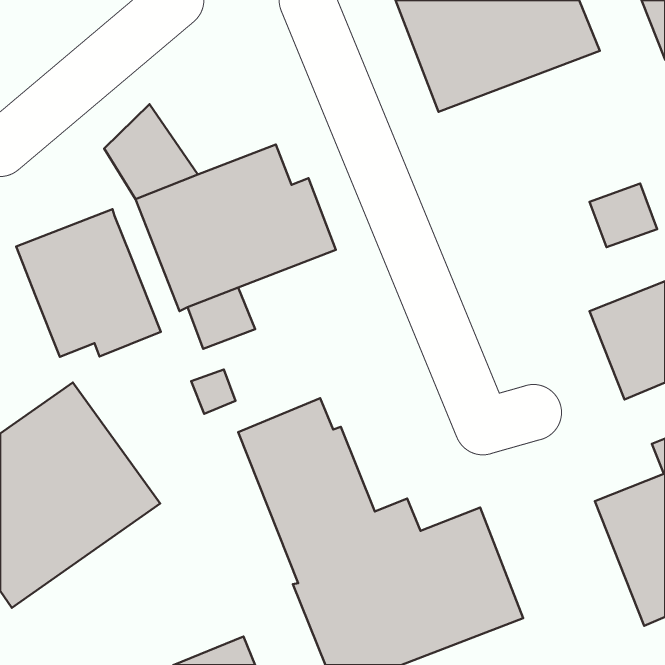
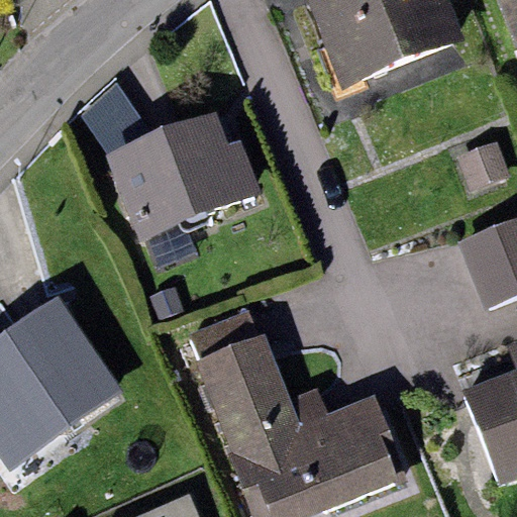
building: [16,209,161,357] -> none

